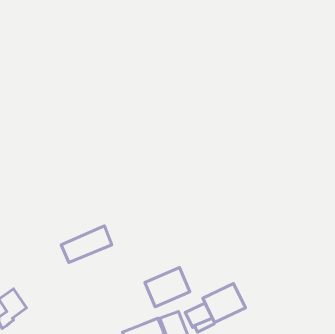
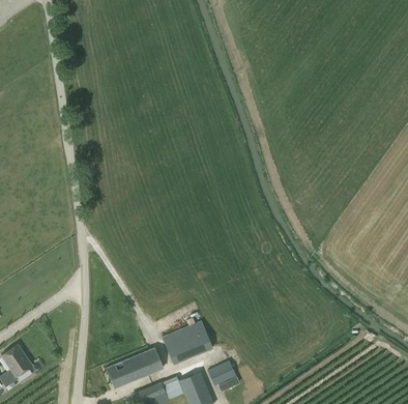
building: [61,226,112,263] -> [107,347,163,387]
building: [203,284,245,323] -> none

